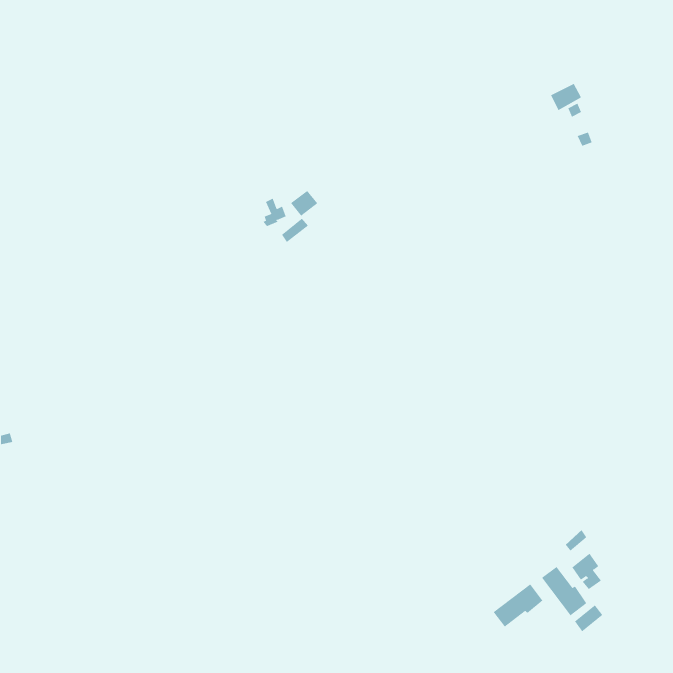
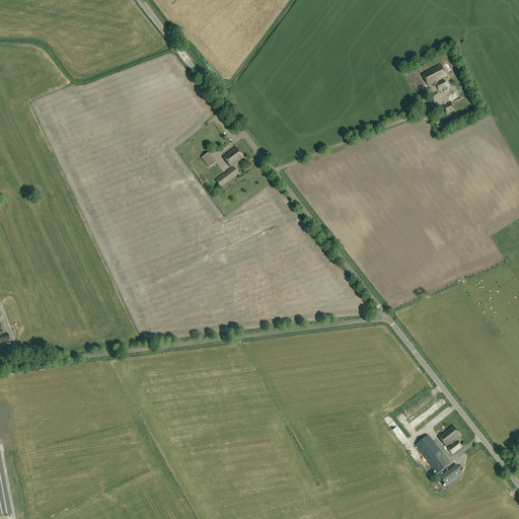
building: [493,583,543,627] -> none

